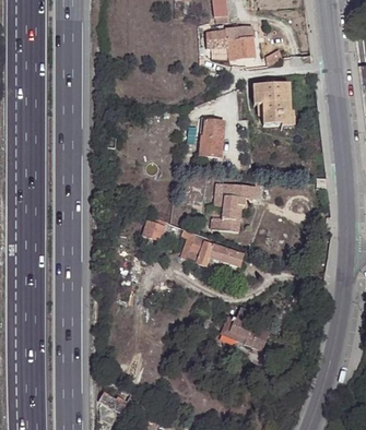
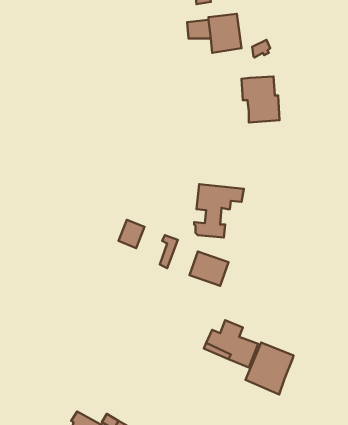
building: [199,120,224,157] -> none
building: [187,234,215,266] -> none
building: none -> [246,343,294,395]

